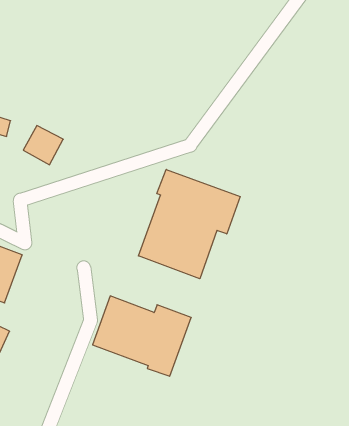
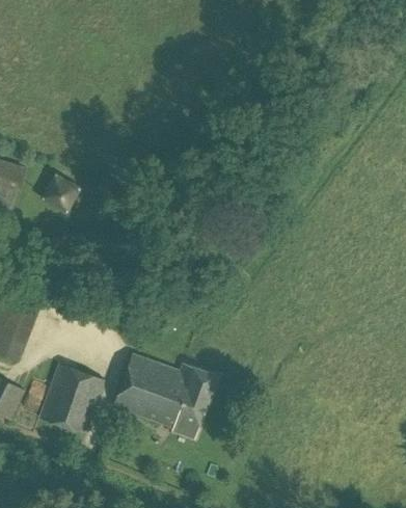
building: [138,169,240,279] -> none
building: none -> [40,365,104,433]

